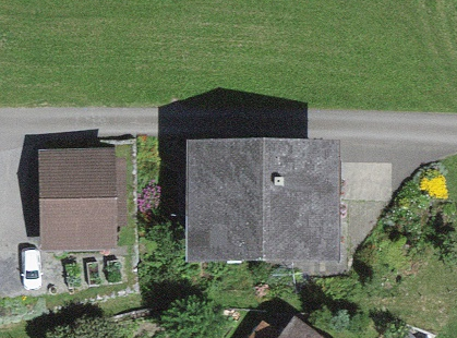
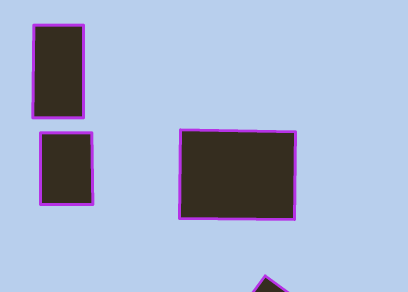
building: none -> [33,25,84,118]

